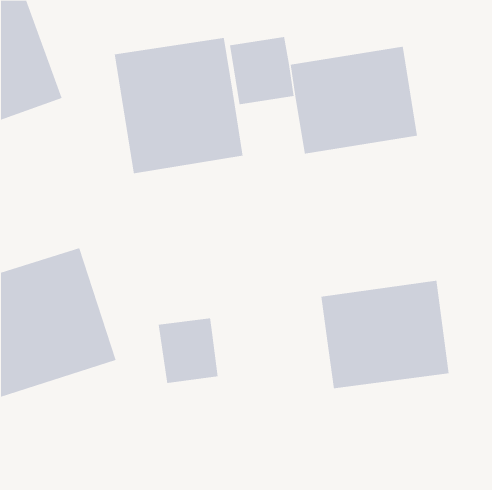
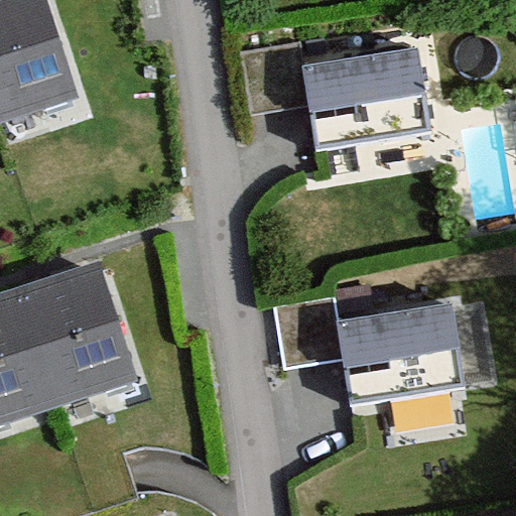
building: [114,37,243,174] -> none
building: [158,318,218,383] -> [278,297,342,366]

